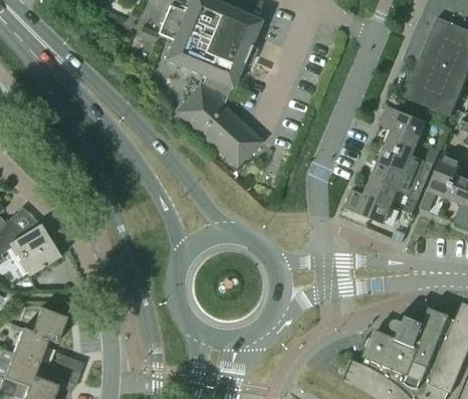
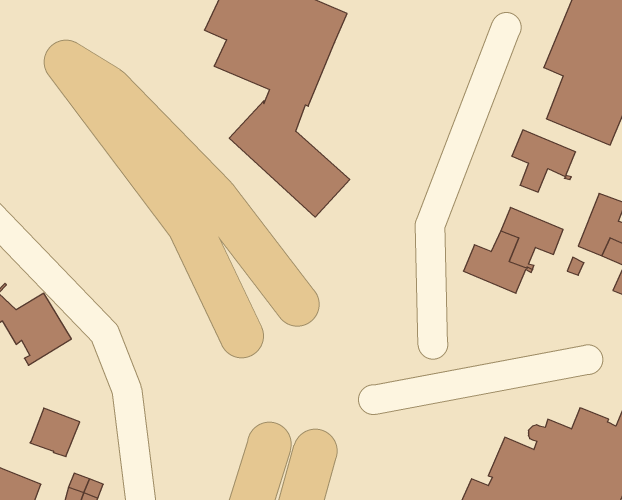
building: [379,134,424,178] -> none
building: [13,328,47,363] -> none

